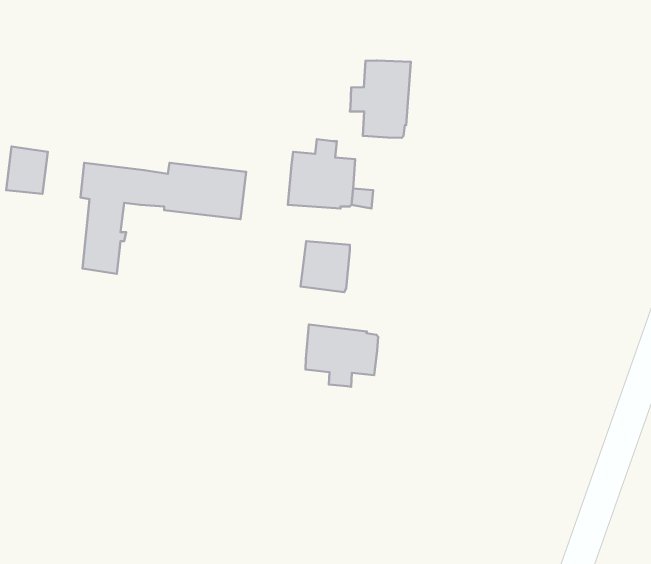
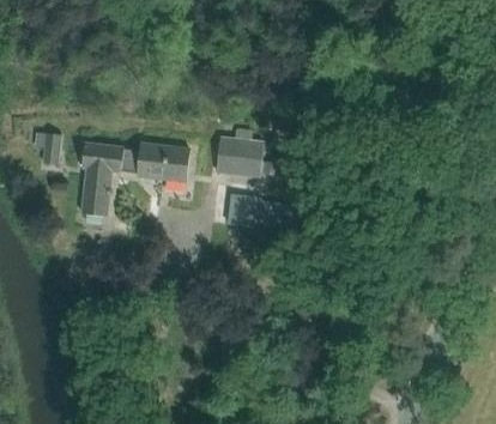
building: [350,61,411,138] -> none
building: [306,325,378,387] -> none

